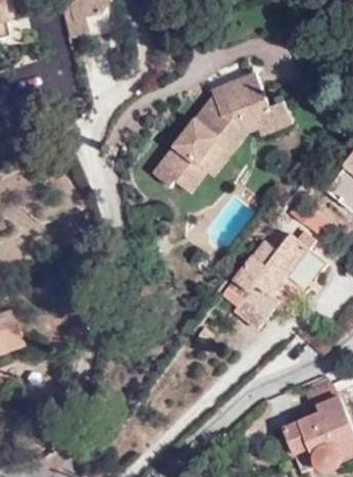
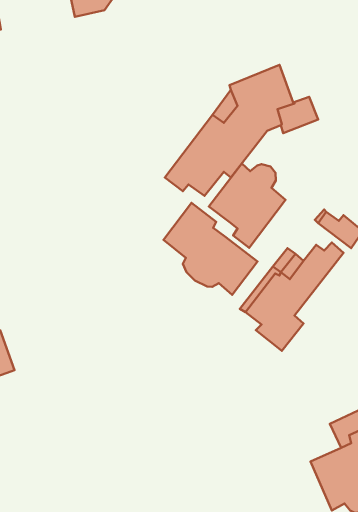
building: none -> [209,163,286,248]
building: none -> [164,203,257,295]

